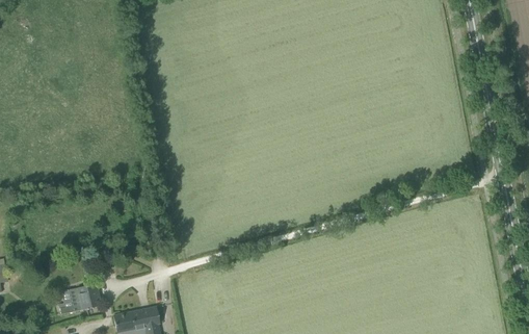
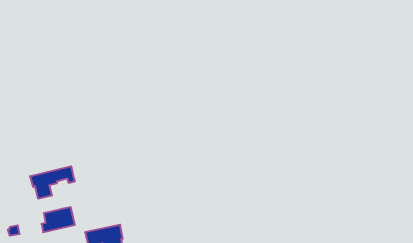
building: none -> [30,166,75,199]

